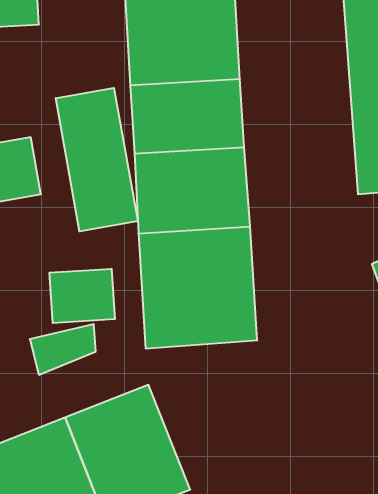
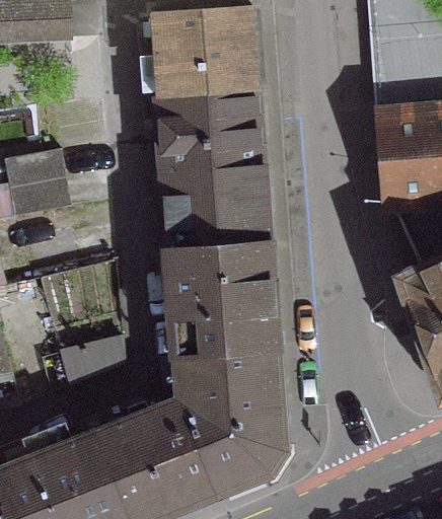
building: [56,88,138,231] -> none
building: [50,269,115,323] -> none
building: none -> [169,353,289,502]

